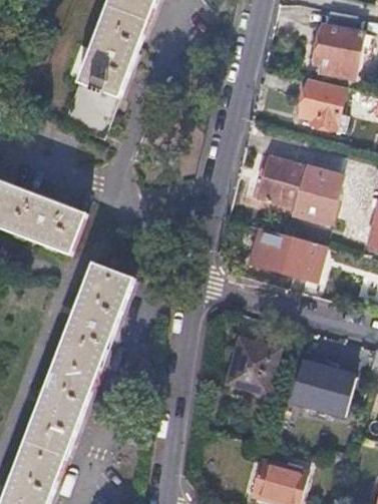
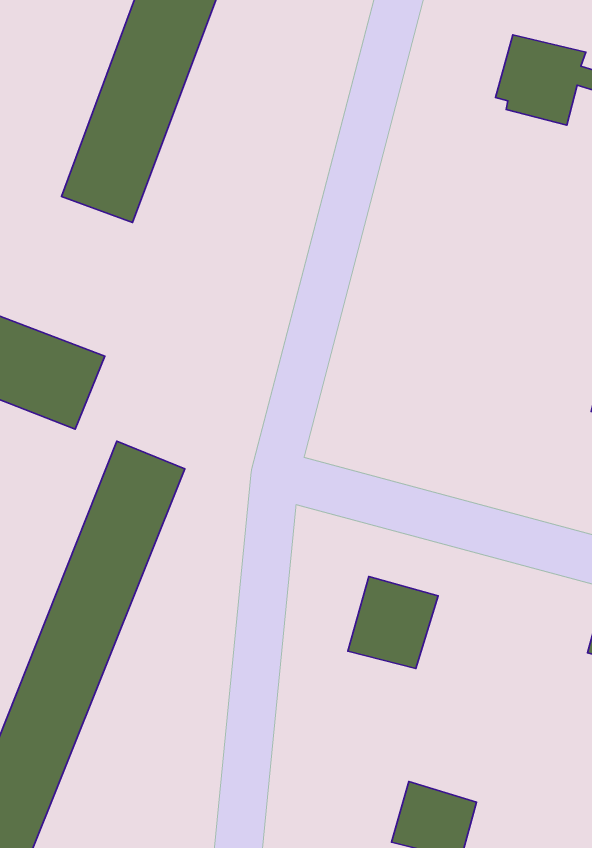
building: [298,81,347,132] -> none
building: [259,156,343,226] -> none
building: [251,230,318,280] -> none
building: [292,364,354,416] -> none

